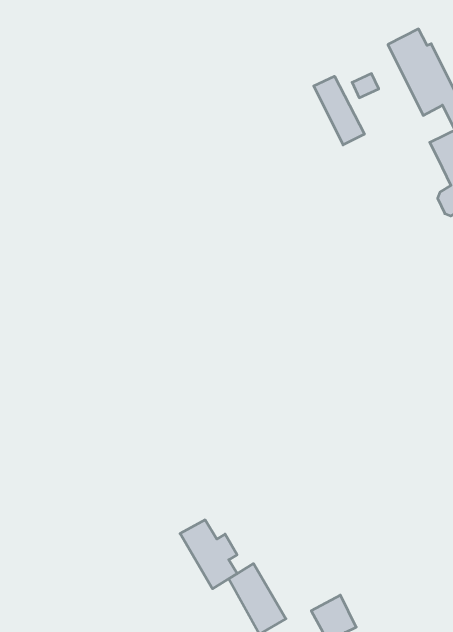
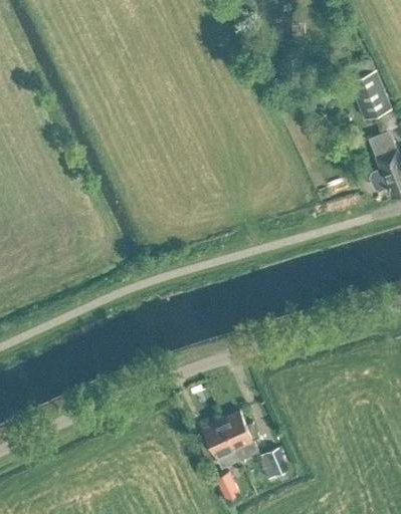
building: [314,76,364,145] -> none
building: [180,520,237,589] -> [221,412,259,460]

